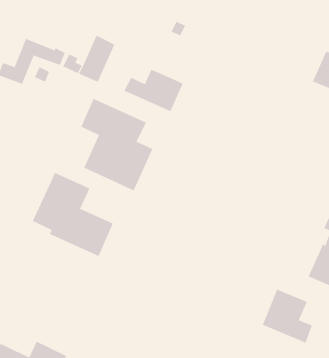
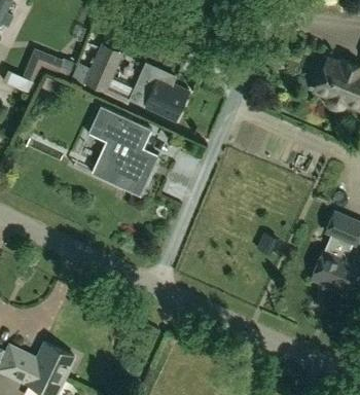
building: [32,172,113,257] -> none
building: [262,289,312,343] -> none

